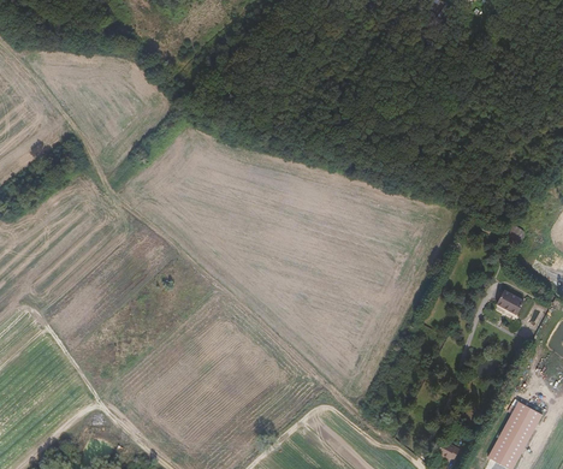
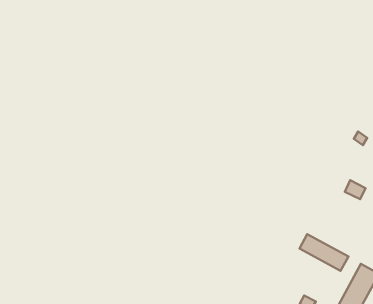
building: none -> [300,234,348,271]

